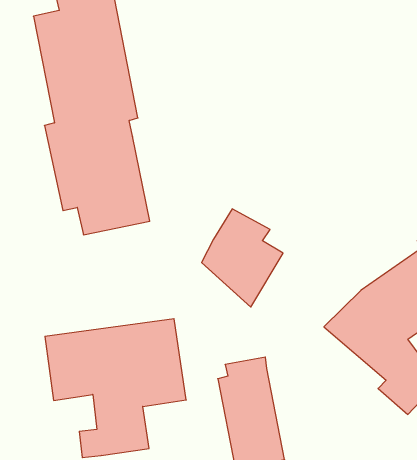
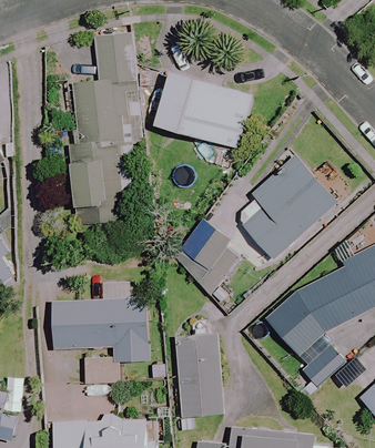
building: none -> [155,71,253,149]
building: none -> [234,154,337,261]

